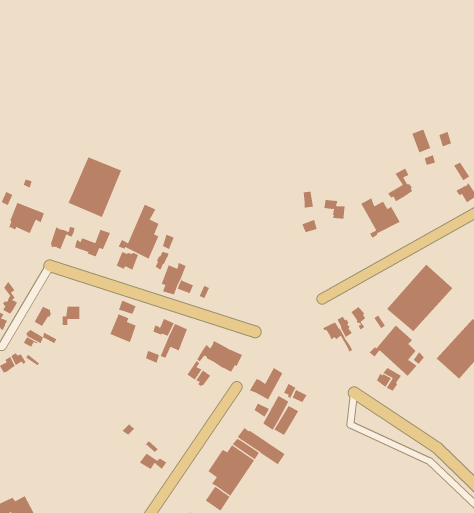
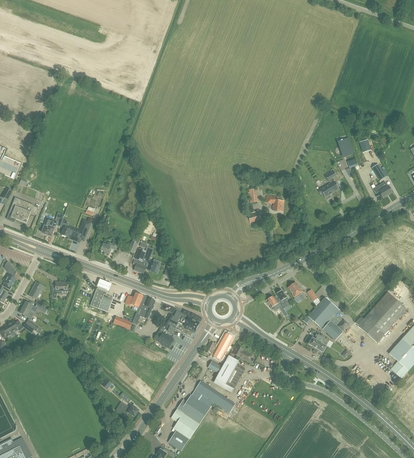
building: [68,157,122,218] -> none
building: [360,197,401,239] -> none
building: [118,204,159,260] -> none
building: [386,264,453,332] -> none

